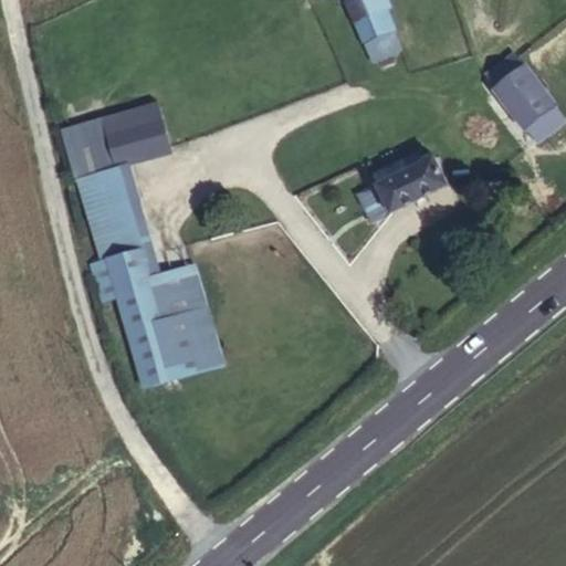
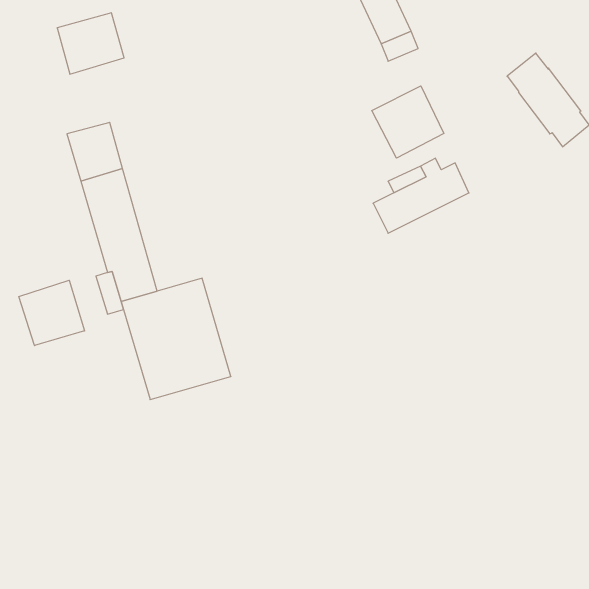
building: none -> [372,86,444,158]
building: [105,103,169,161] -> [57,13,124,74]
building: none -> [19,280,85,346]

